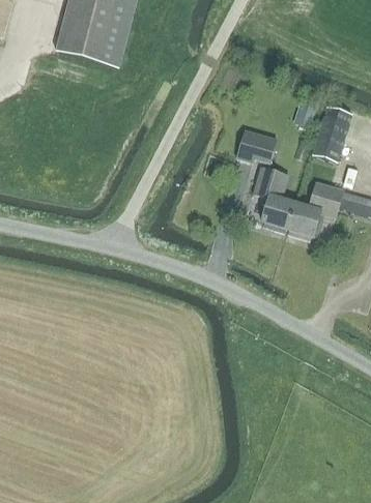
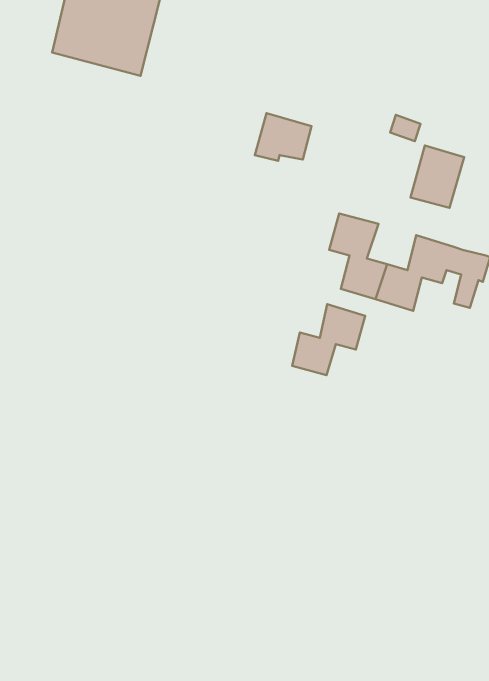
building: [236,128,277,162] -> [255,113,311,161]
building: none -> [292,304,365,375]

